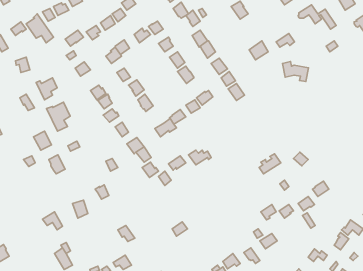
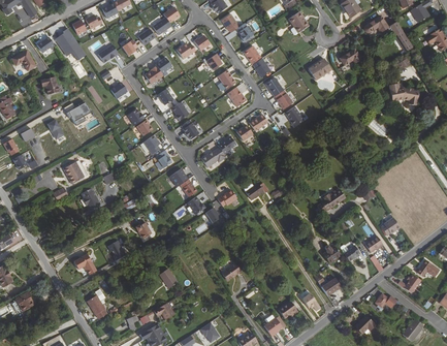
building: [282,62,309,82] -> [389,84,419,106]
building: [47,102,70,131] -> none

